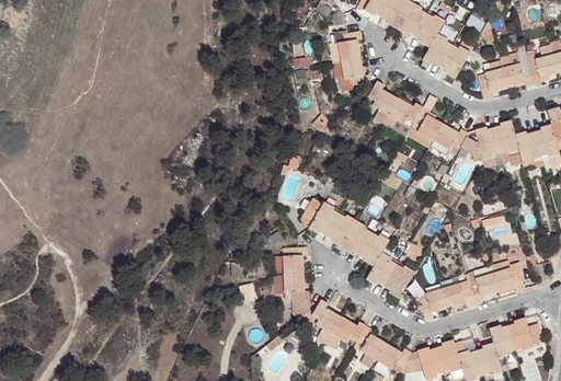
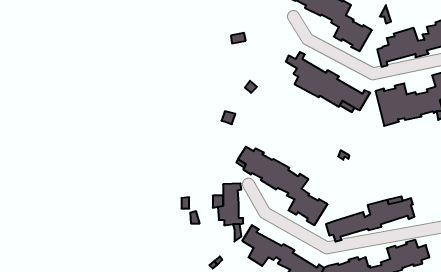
building: [329,32,369,92] -> none

